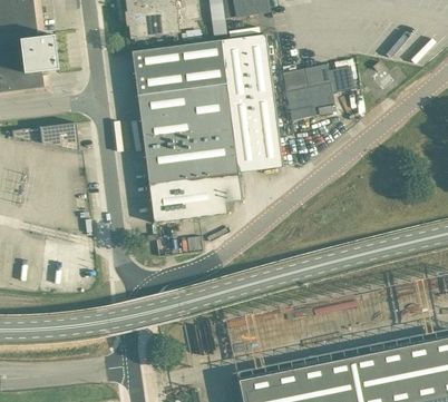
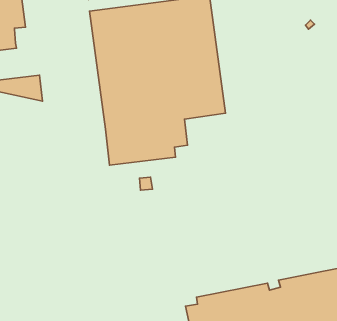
building: [281,59,356,120] -> none

